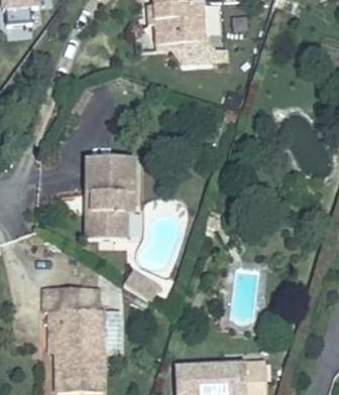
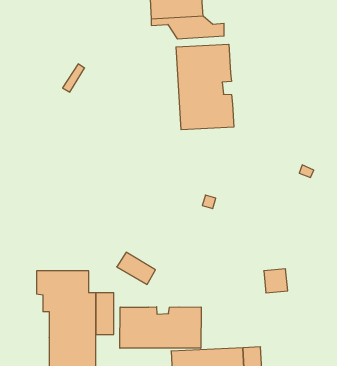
building: none -> [176,44,234,130]
building: [85,156,133,237] -> none
building: none -> [120,307,201,348]

